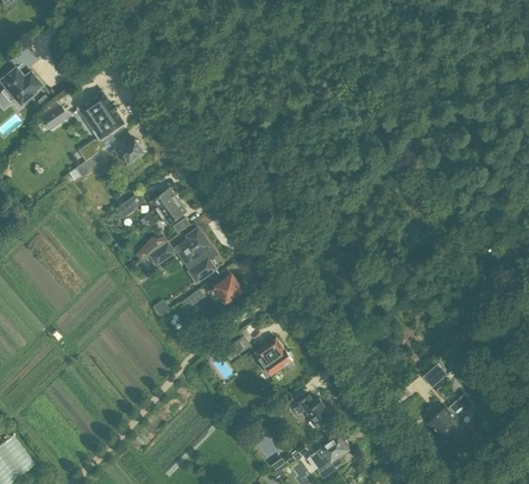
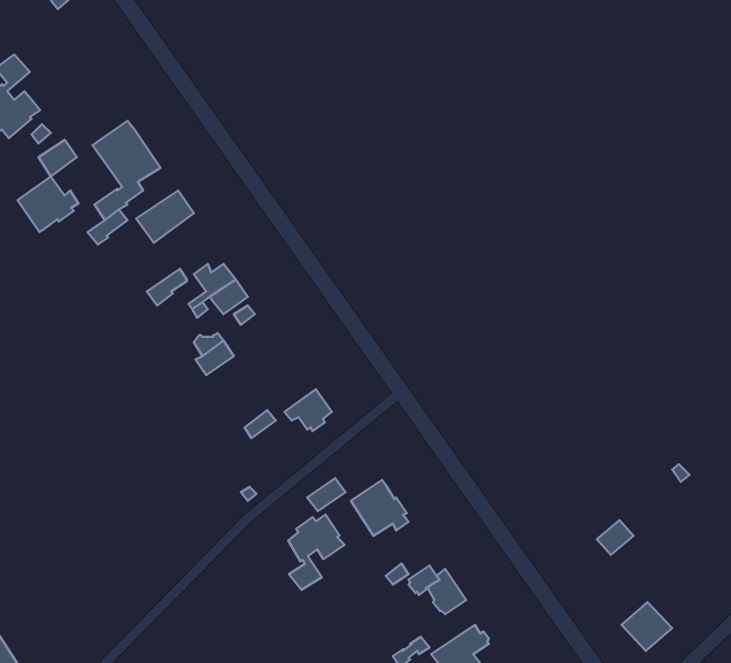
building: none -> [17,177,79,232]
building: [176,228,215,282] -> none
building: none -> [288,515,344,590]
building: [428,392,473,435] -> none

